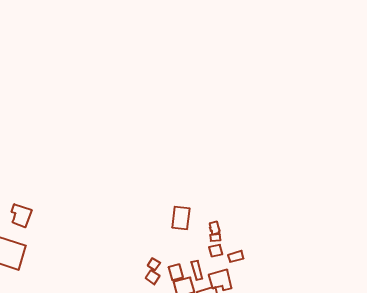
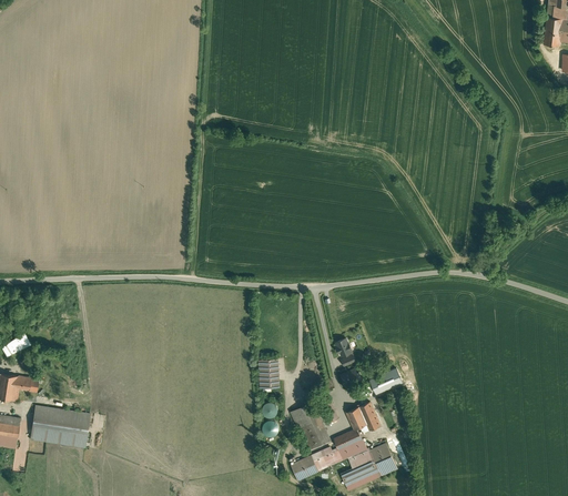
building: [12,204,32,227] -> none
building: [172,207,190,229] -> [257,358,280,388]

